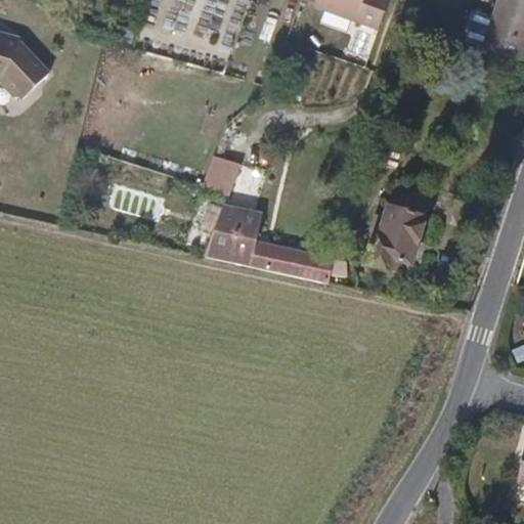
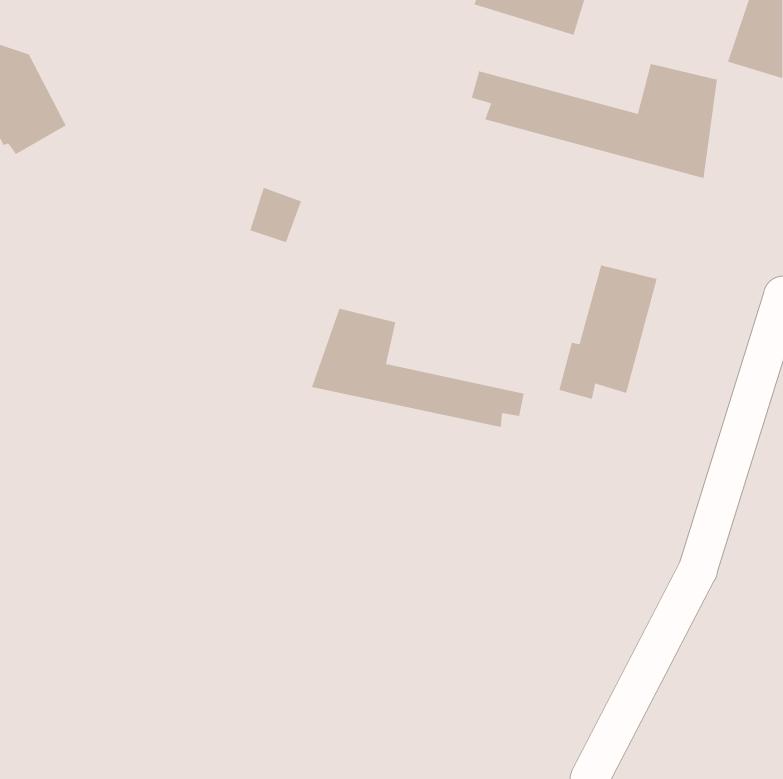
building: none -> [471,63,717,179]
building: [204,155,238,191] -> [249,187,302,243]

